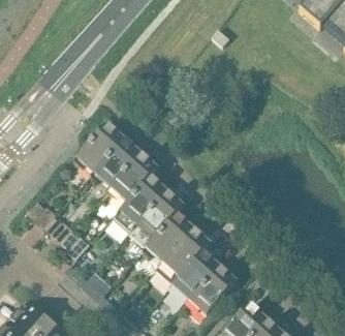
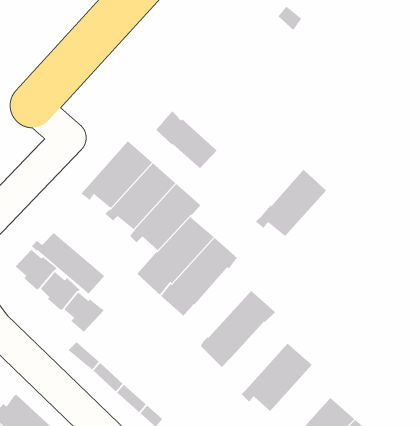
building: none -> [156,111,217,170]
building: none -> [31,232,105,295]
building: [145,213,195,262] -> [255,169,327,238]
building: [171,251,221,299] -> none

